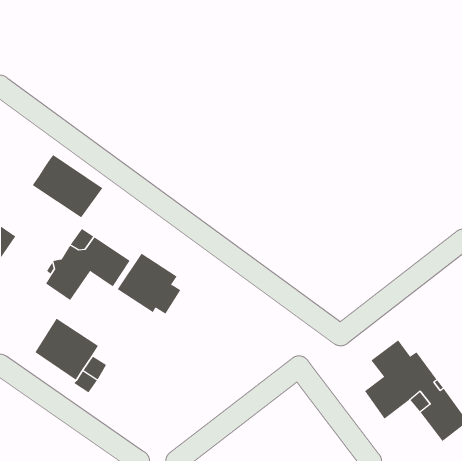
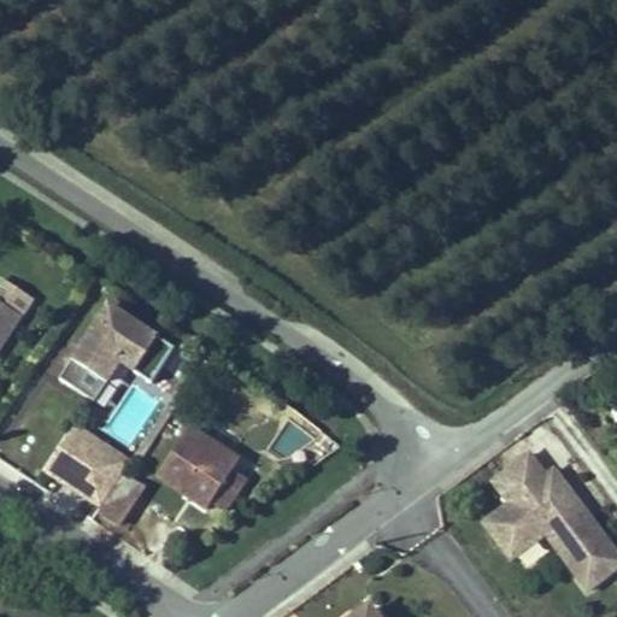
building: [32,154,103,218] -> none
building: [117,253,181,315] -> [160,428,246,510]

